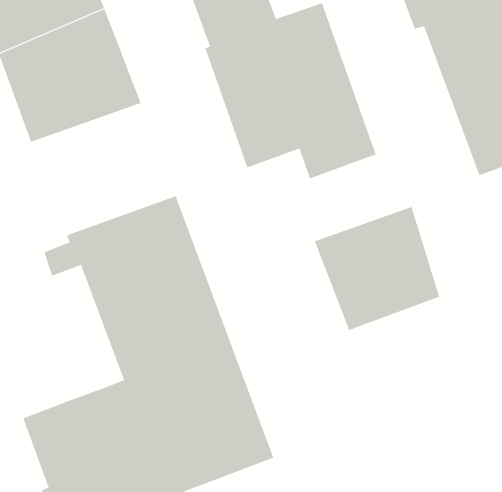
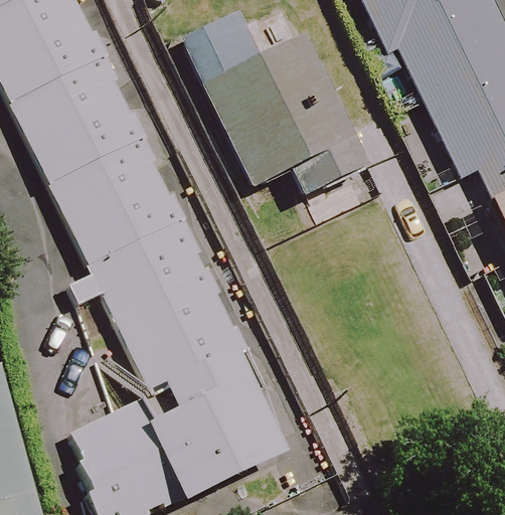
building: none -> [50,139,185,264]
building: [314,206,440,331] -> none

